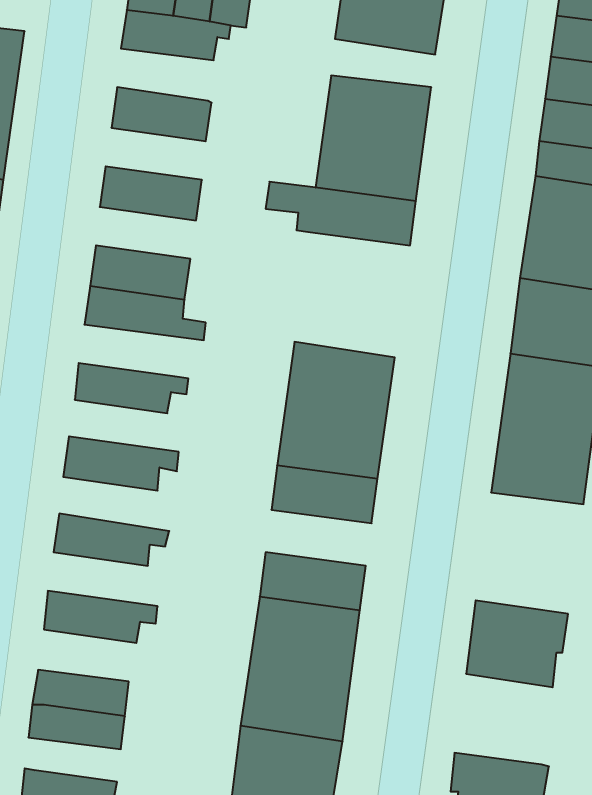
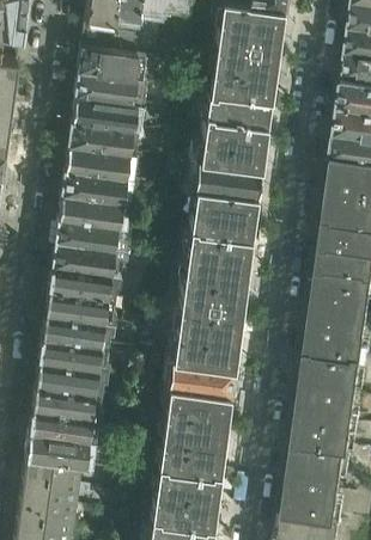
building: none -> [207,69,272,99]
building: none -> [74,75,142,108]
building: none -> [67,124,129,157]
building: none -> [61,173,123,205]
building: none -> [175,189,256,266]
building: none -> [50,246,128,278]
building: none -> [44,293,114,325]
building: none -> [38,340,108,374]
building: none -> [297,350,364,425]
building: none -> [166,361,232,395]
building: none -> [31,387,101,421]
building: none -> [25,435,122,472]
building: none -> [284,462,345,518]
building: none -> [17,502,77,529]

